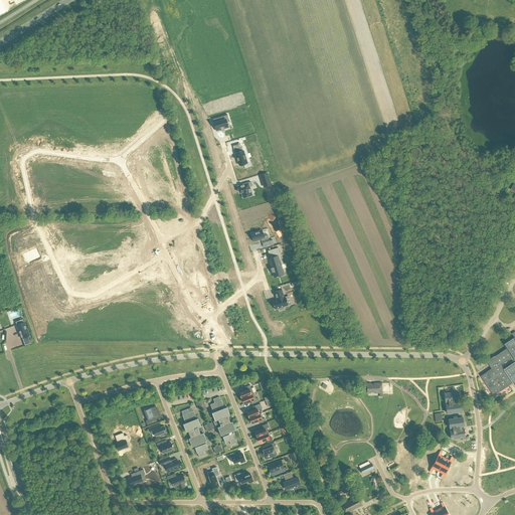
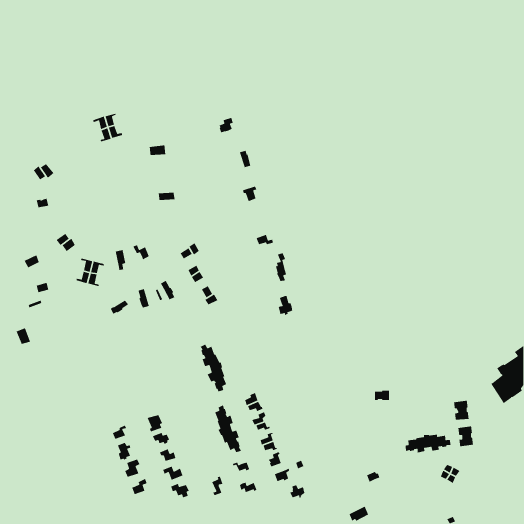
building: [181,408,208,457] -> [199,343,227,393]
building: none -> [405,434,451,453]

